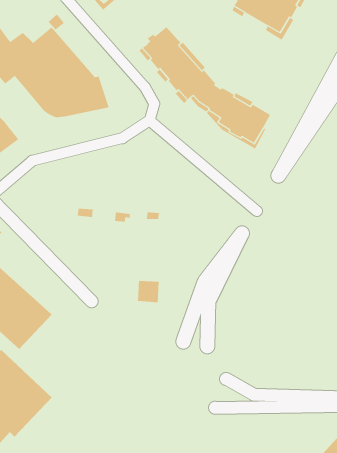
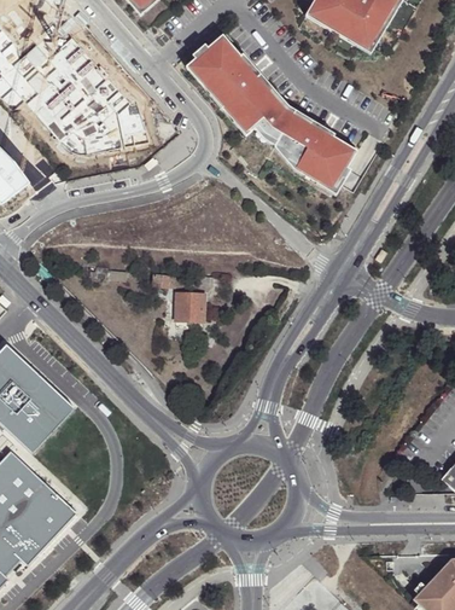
building: [137,281,159,303] -> [176,295,205,324]

